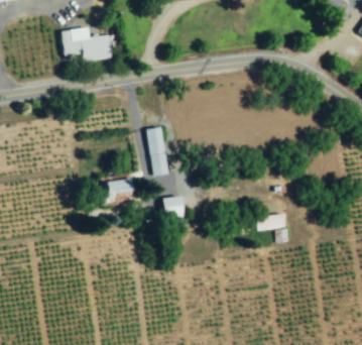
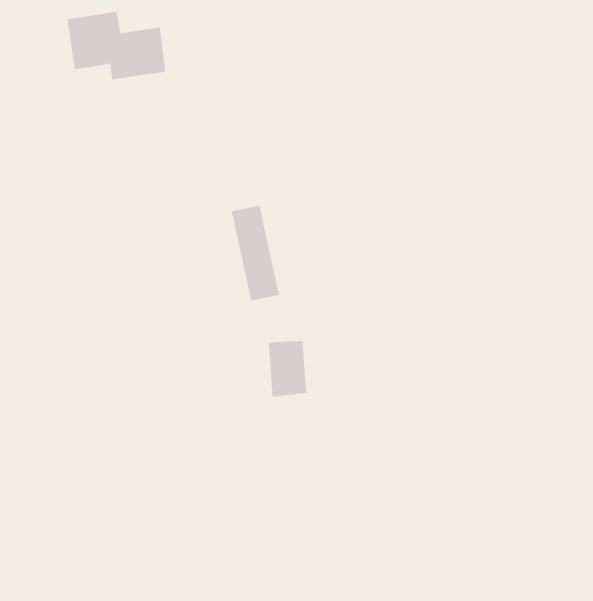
building: [104,177,132,202] -> none
building: [256,213,286,231] -> none

